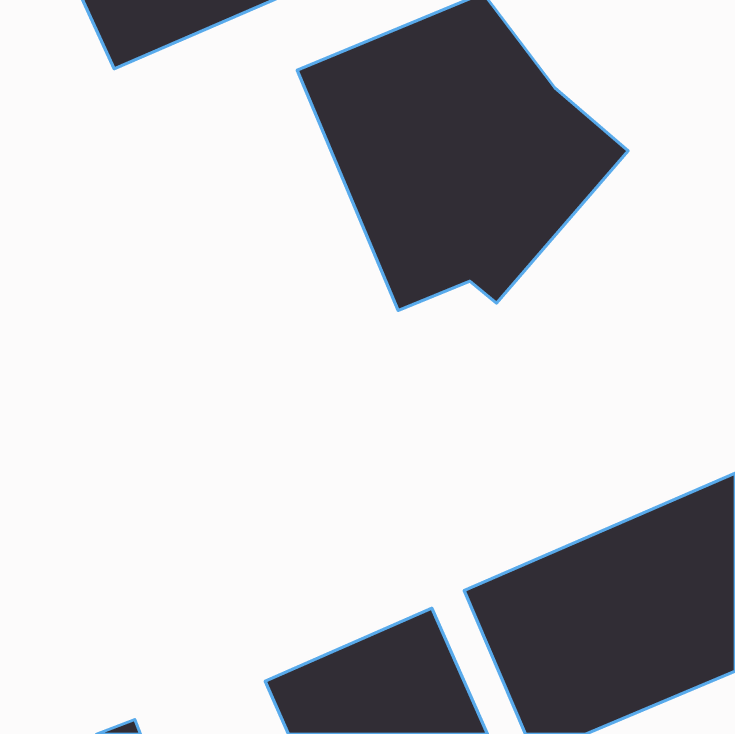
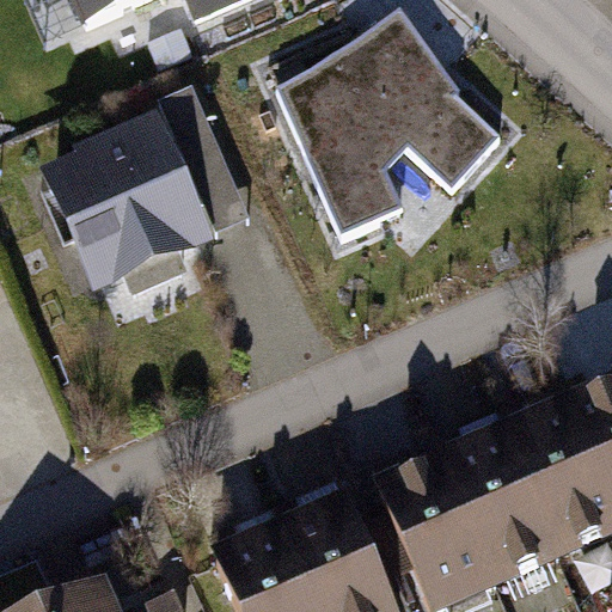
building: none -> [45,98,255,295]

